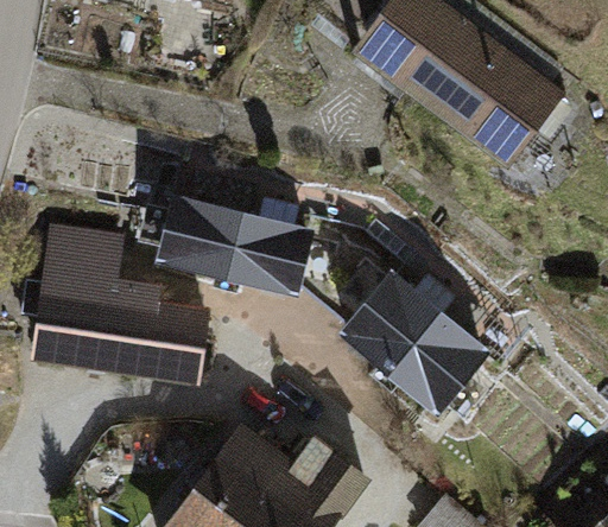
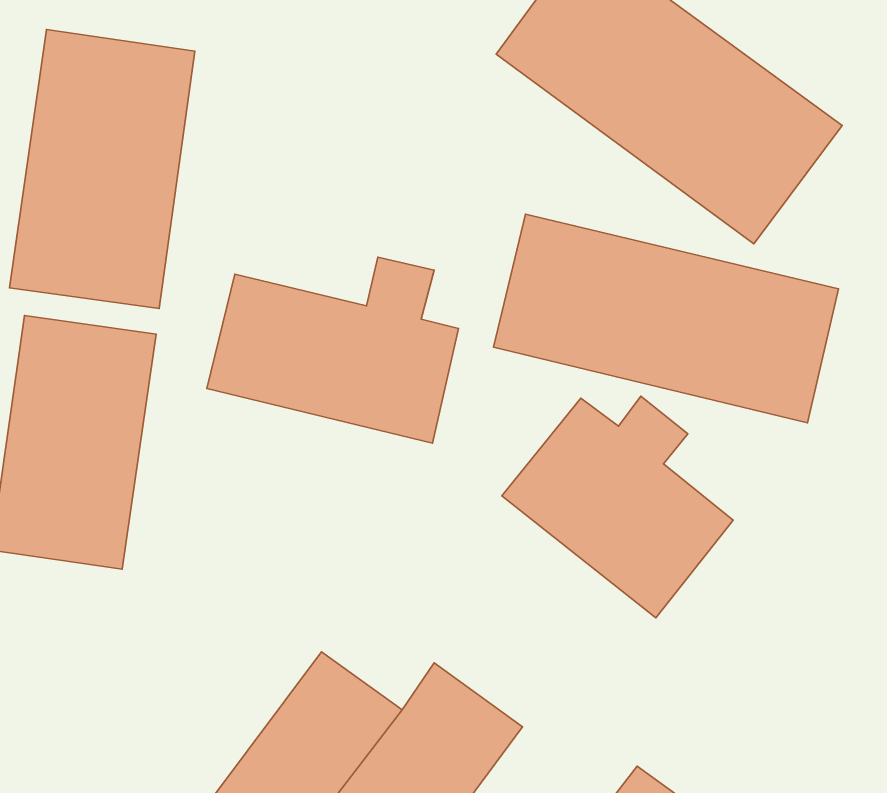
building: none -> [9,30,195,308]
building: none -> [493,214,838,423]
building: [109,287,211,391] -> none

